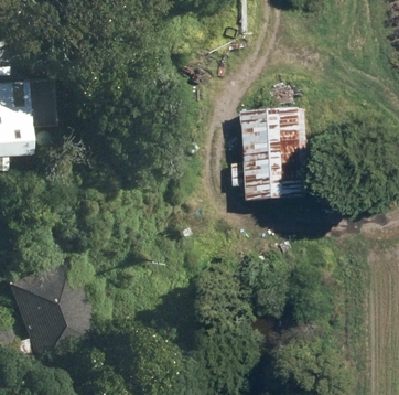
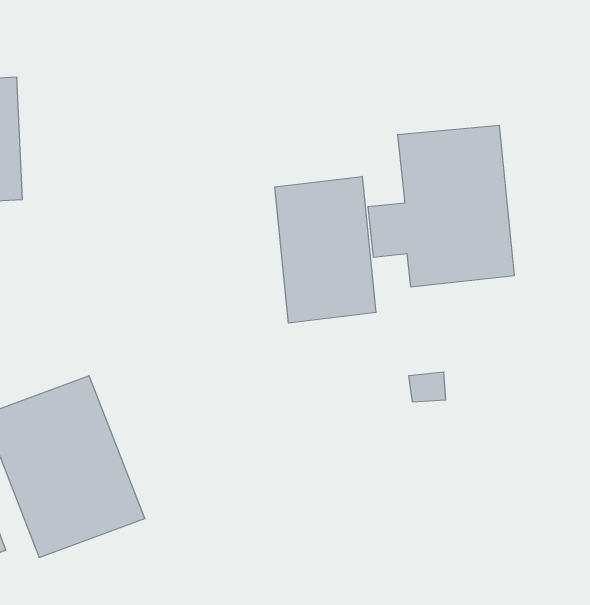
building: none -> [275,176,376,323]

